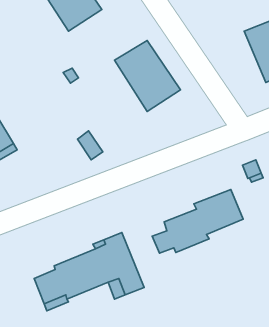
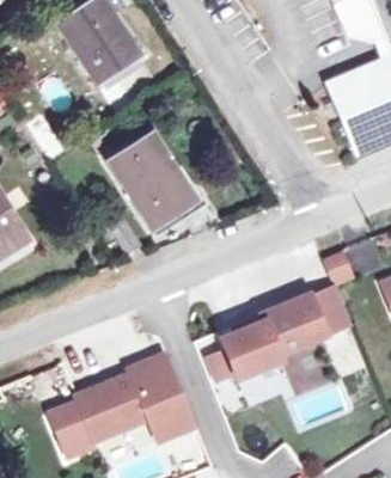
building: [115,41,180,112] -> [111,136,198,231]
building: none -> [311,284,352,333]

